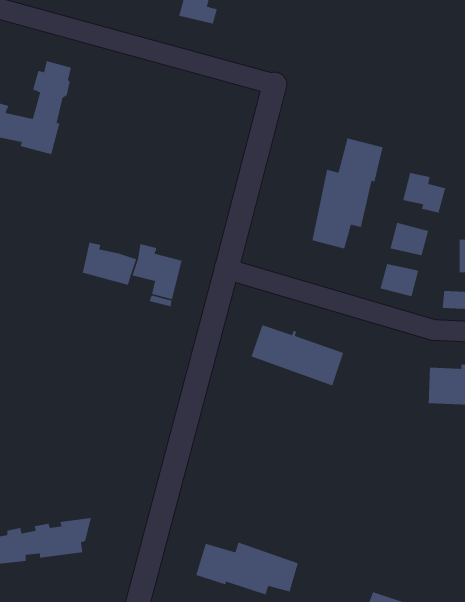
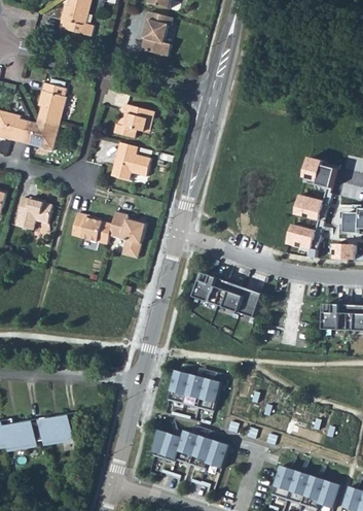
building: none -> [113,106,153,140]
building: [312,138,383,250] -> none
building: none -> [111,145,151,182]
building: none -> [16,196,51,227]
building: none -> [168,370,220,411]

